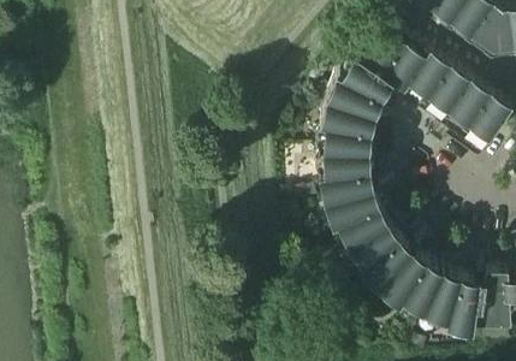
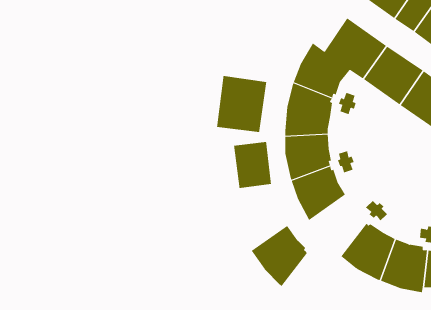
building: none -> [217,75,267,133]
building: none -> [233,141,271,189]
building: [350,225,414,294] -> [251,225,308,287]

